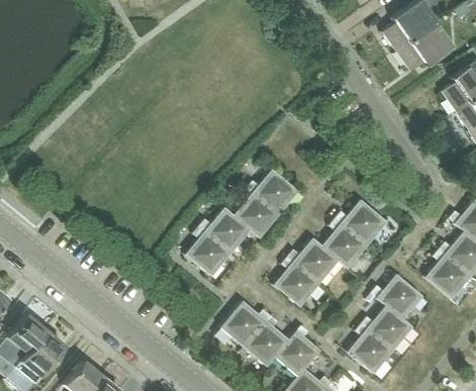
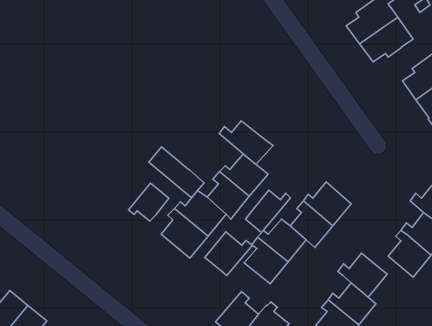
building: none -> [219,121,273,164]
building: none -> [149,147,204,197]
building: none -> [128,183,169,221]
building: none -> [245,190,290,233]
building: [220,300,271,347] -> [205,232,252,276]

